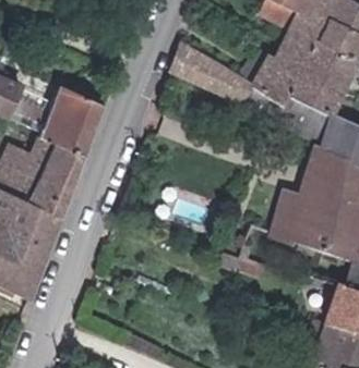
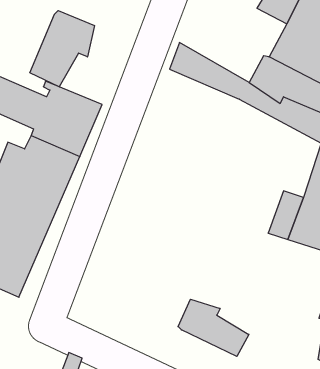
building: none -> [30,11,94,87]
building: none -> [178,299,249,356]

